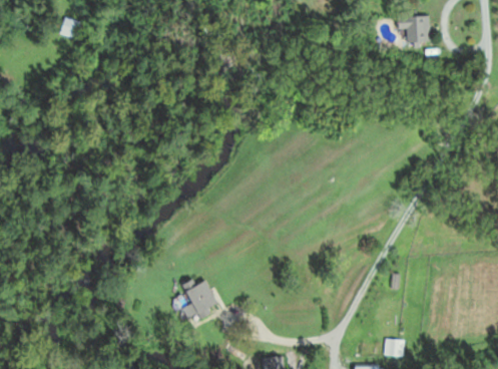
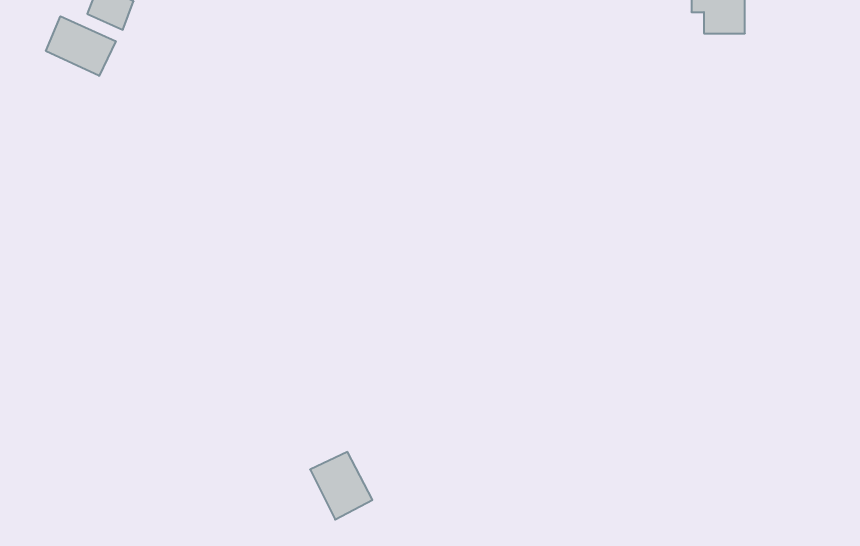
building: none -> [46,16,116,76]

